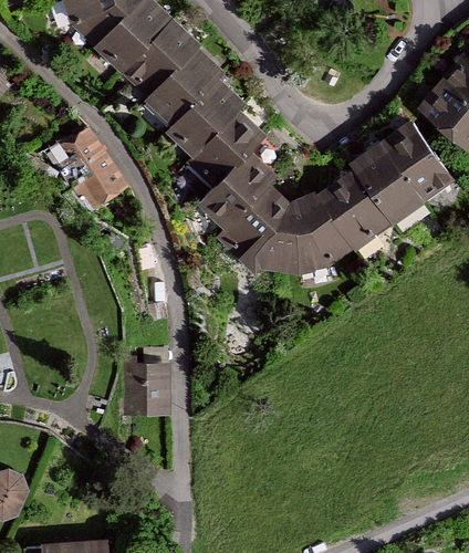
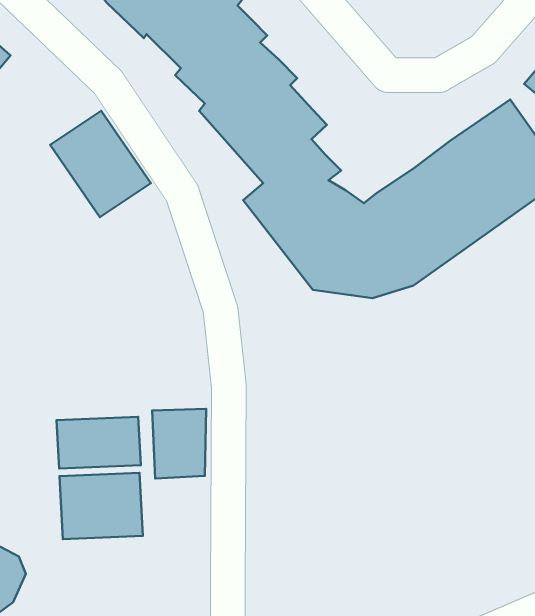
building: none -> [56,417,141,469]
building: none -> [60,473,143,539]

